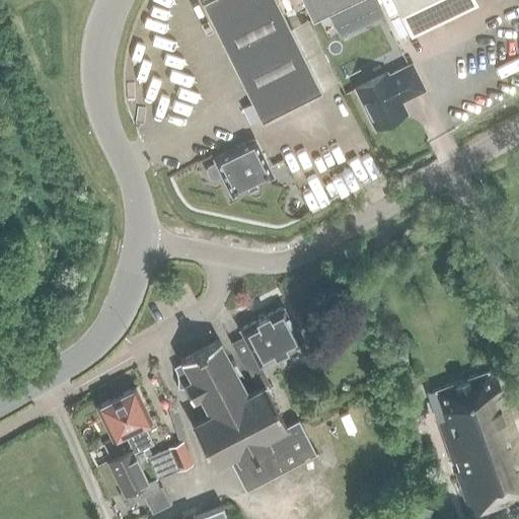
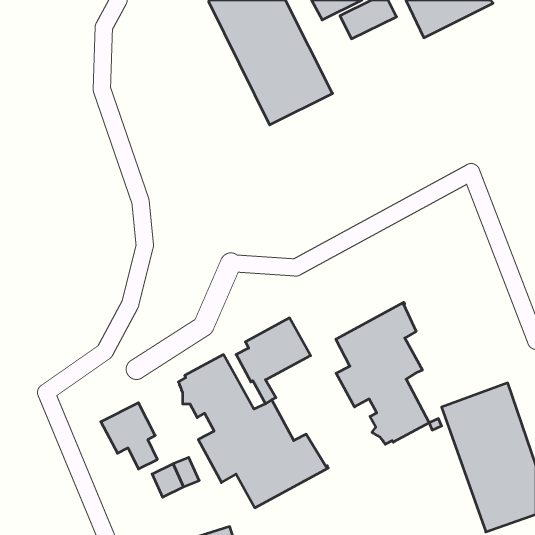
building: [357,64,426,129] -> none
building: [208,140,274,198] -> none
building: none -> [336,302,429,444]
building: [108,452,161,505] -> none

